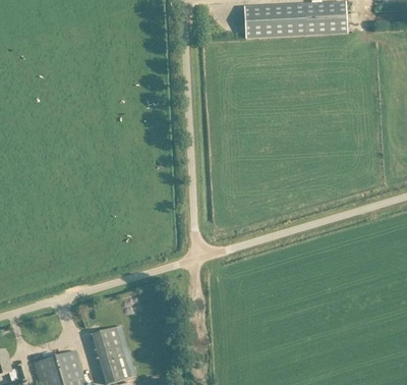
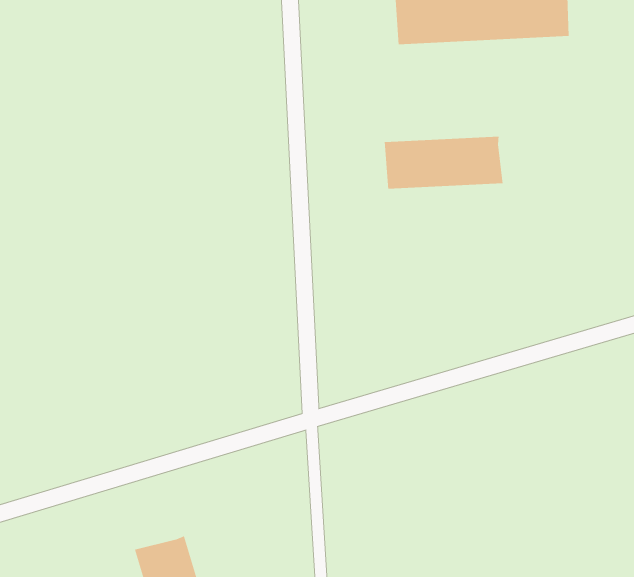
building: none -> [384,136,503,190]

